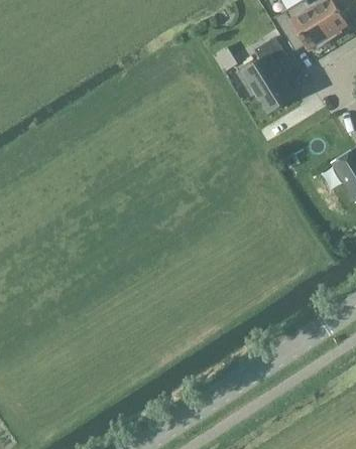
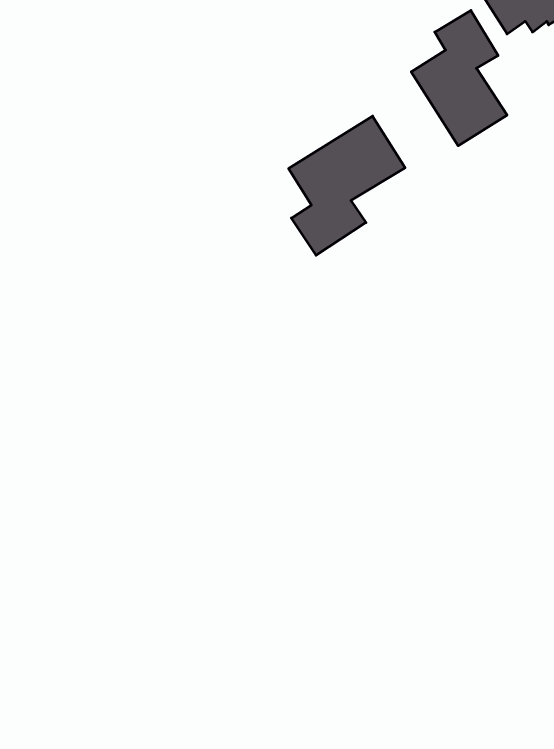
building: none -> [289,116,405,255]

